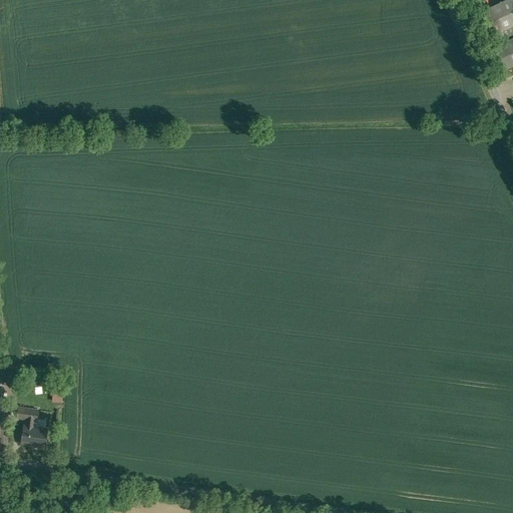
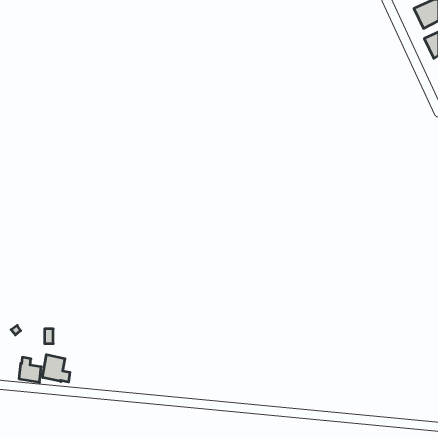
building: none -> [43,355,70,382]

